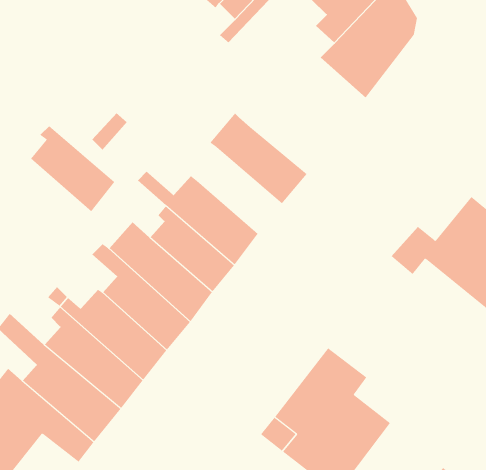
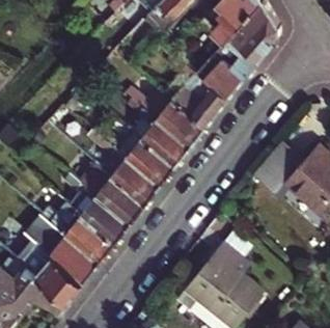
building: none -> [168,51,244,128]
building: [30,125,115,212] -> [133,110,189,167]

